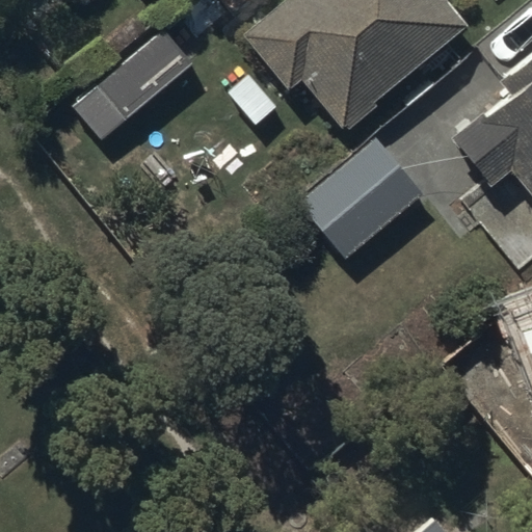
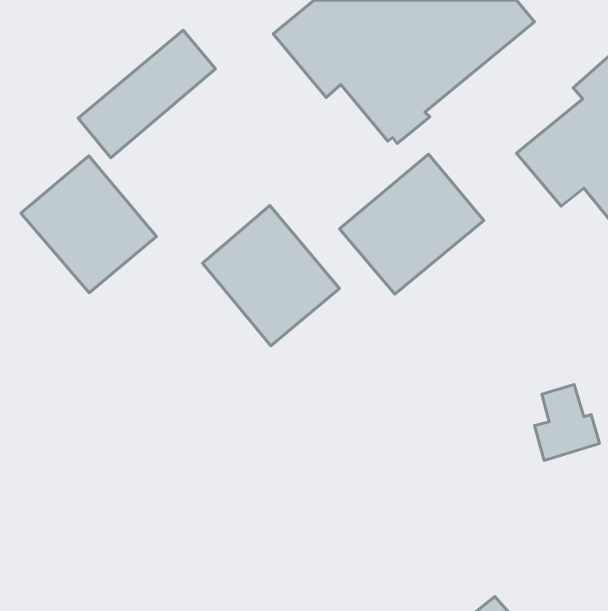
building: none -> [21,156,157,293]
building: none -> [202,205,340,346]

